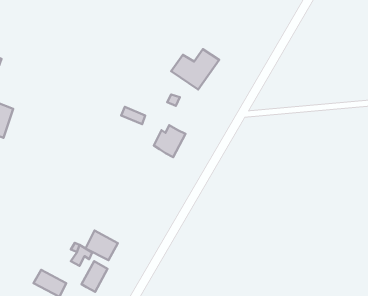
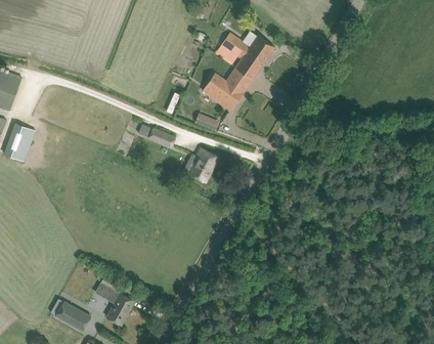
building: none -> [215,32,274,78]
building: [86,231,118,260] -> none

